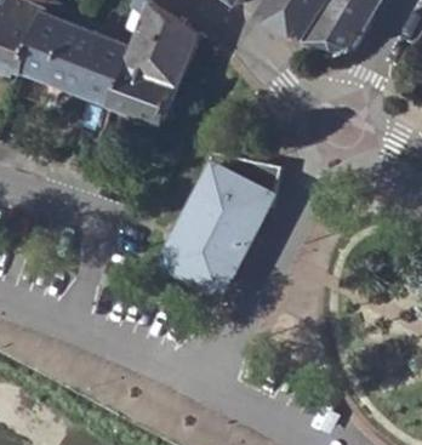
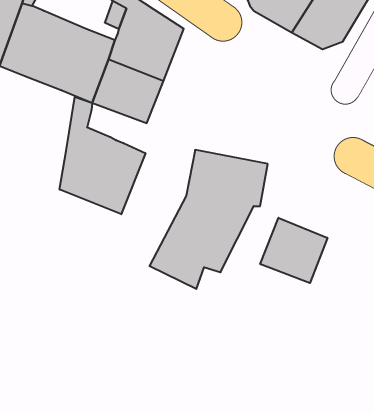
building: none -> [60,97,145,214]
building: none -> [260,218,327,283]

